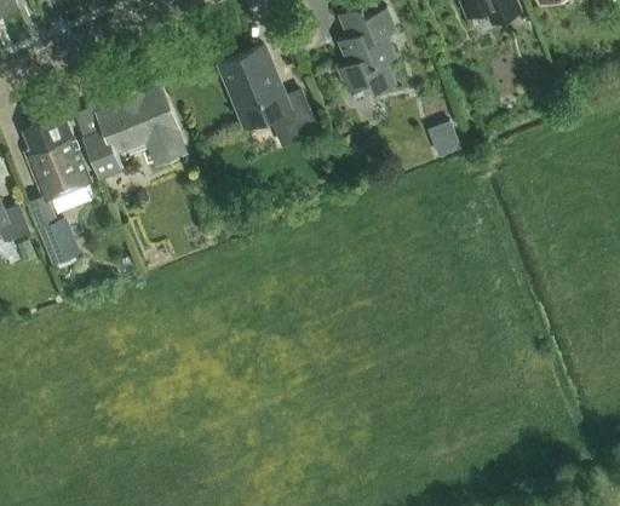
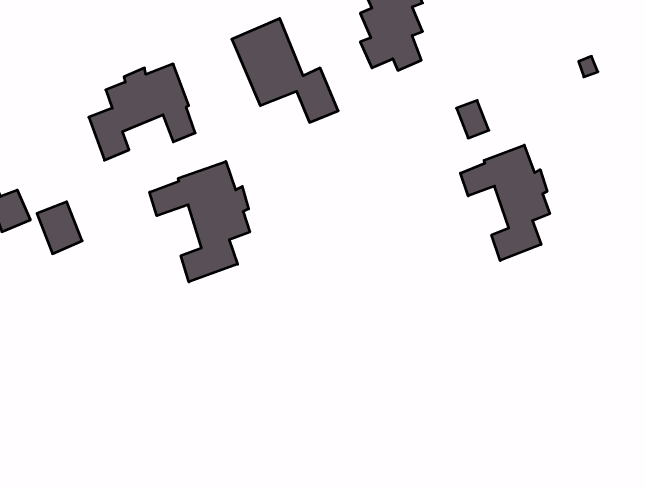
building: [25,117,88,202] -> none
building: none -> [460,145,550,261]
building: none -> [150,161,250,282]

